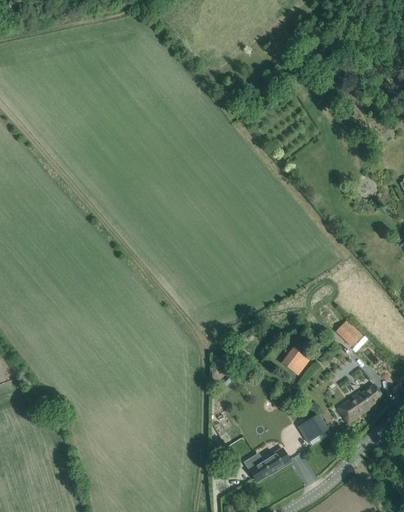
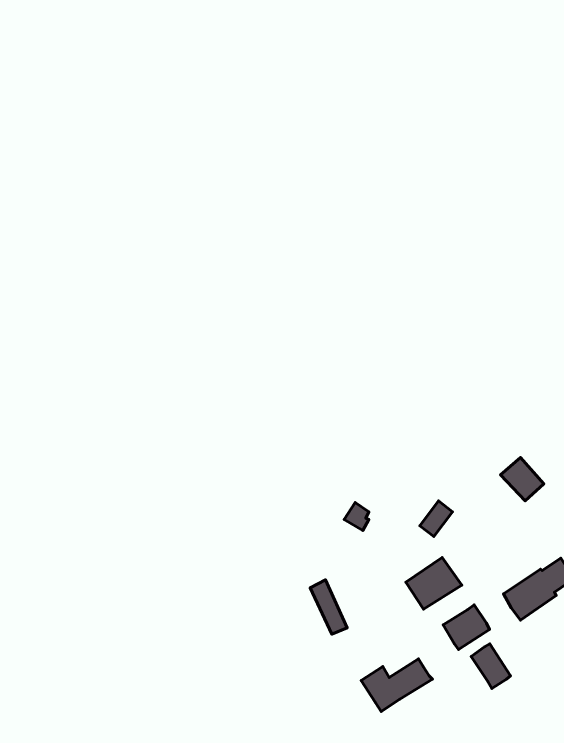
building: none -> [406,557,462,609]
building: none -> [471,644,511,688]

